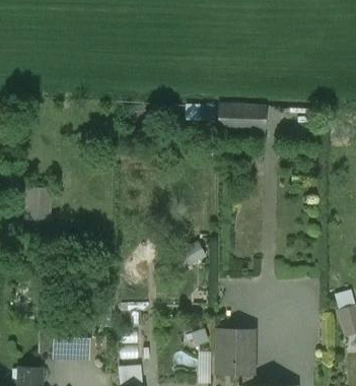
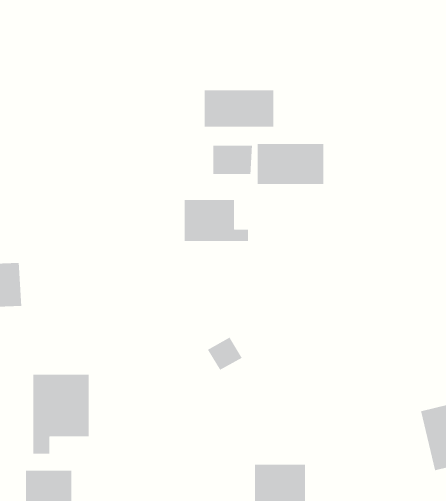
building: none -> [204,89,274,127]
building: none -> [184,199,249,242]
building: none -> [33,374,90,455]

